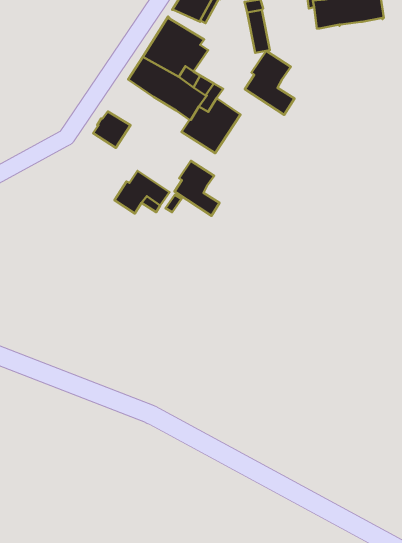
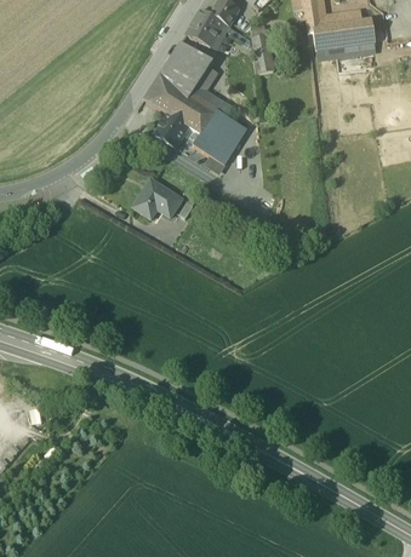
building: [245,51,294,115] -> none
building: [93,112,131,148] -> [155,113,189,145]
building: [174,161,220,216] -> none

